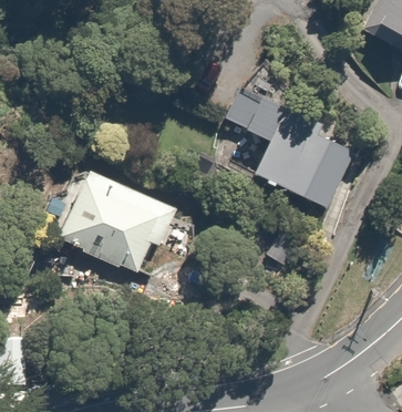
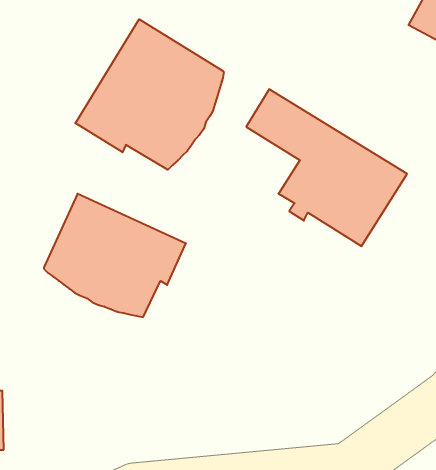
building: none -> [75,19,224,170]

